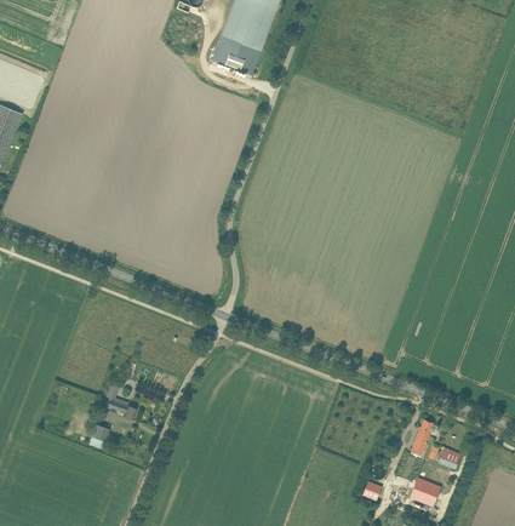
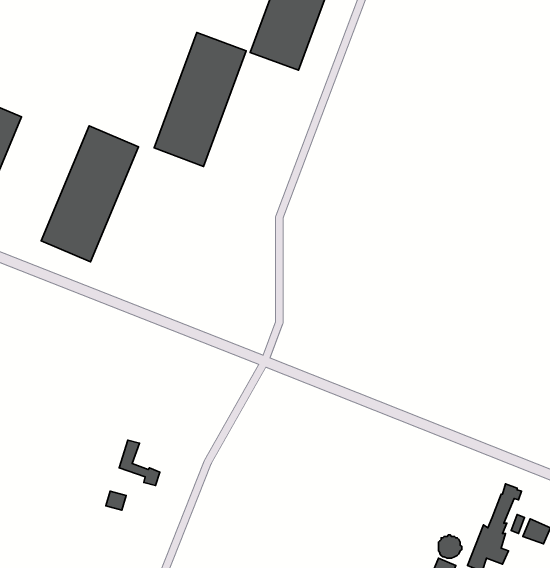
building: none -> [154,32,246,166]
building: none -> [41,126,139,262]

